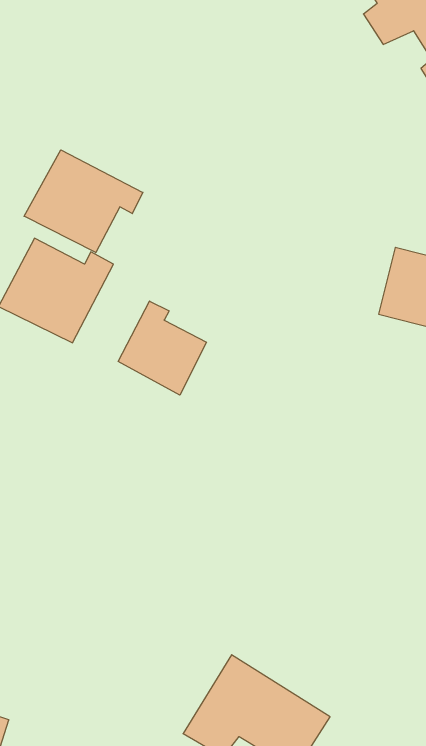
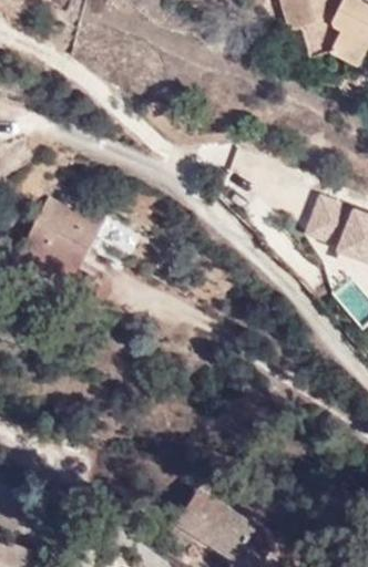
building: [24,150,143,253] -> none
building: [118,301,206,395] -> none

